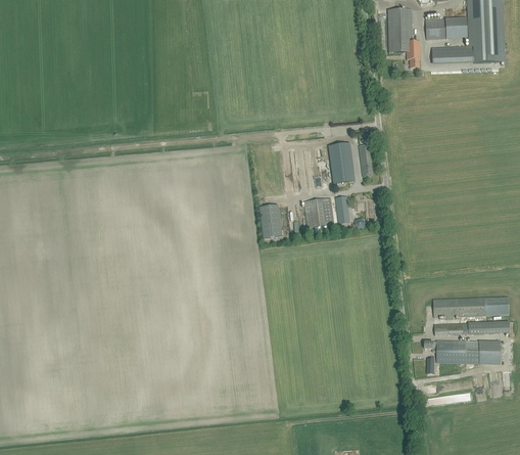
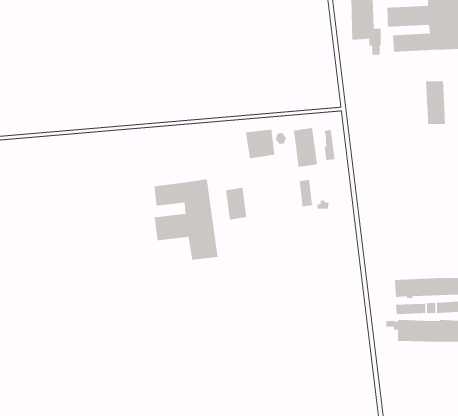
building: none -> [425,80,445,125]
building: none -> [154,179,218,260]
building: [303,197,334,228] -> [245,129,275,159]

